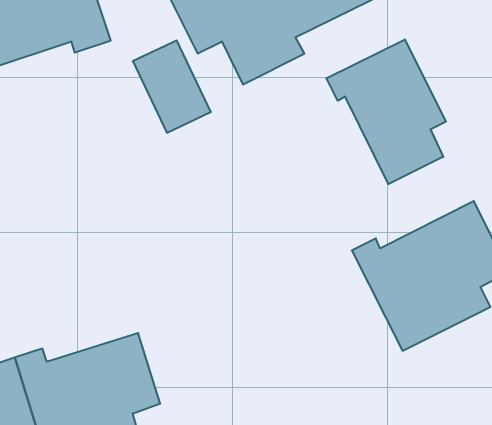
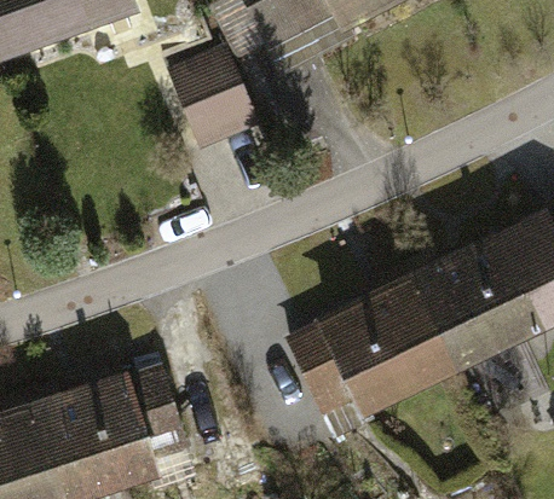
building: [326,39,446,184] -> none
building: none -> [276,294,451,452]

